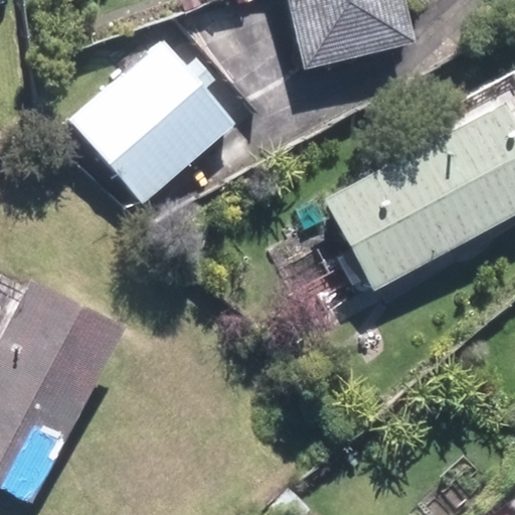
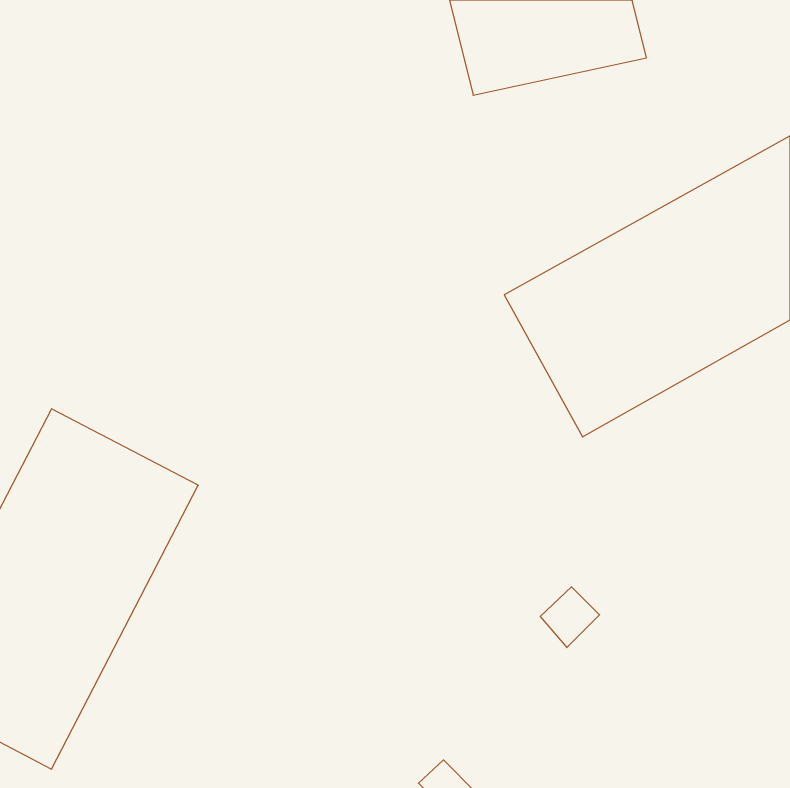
building: [70,40,235,203] -> none

